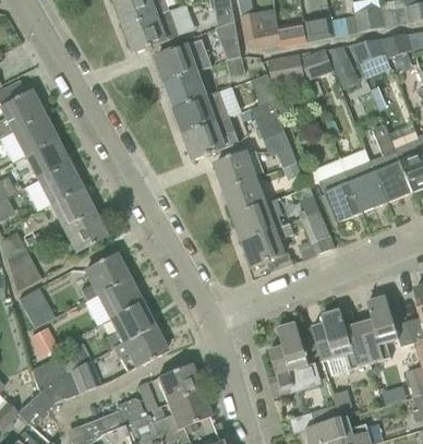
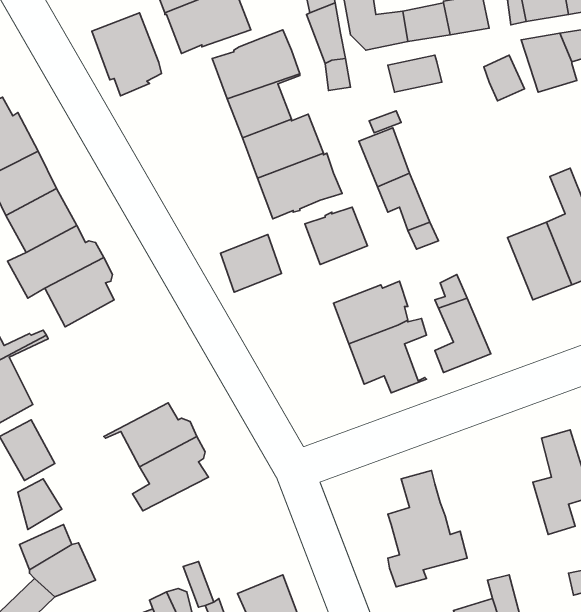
building: none -> [92,13,162,96]
building: [300,49,334,81] -> none
building: [319,171,362,226] -> none
building: [225,177,264,214] -> [221,235,281,292]
building: [60,212,105,254] -> none
building: [80,251,126,300] -> none
building: [312,309,372,374] -> none
building: [110,326,165,374] -> none
building: [69,359,100,393] -> none
building: [161,363,201,401] -> none

